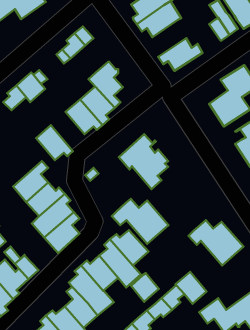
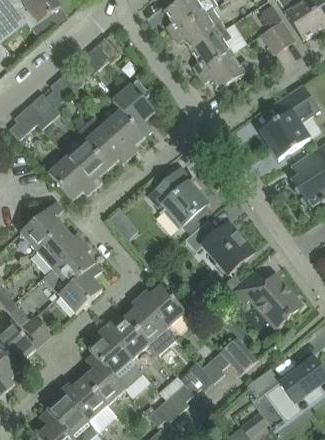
building: none -> [191,27,232,74]
building: none -> [67,141,108,189]
building: [112,199,168,244] -> [185,219,254,274]
building: [131,273,159,302] -> none

